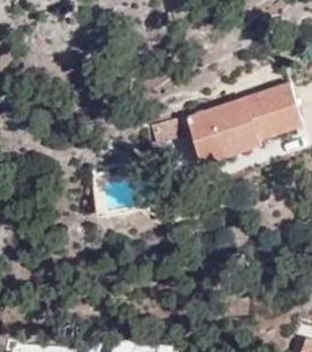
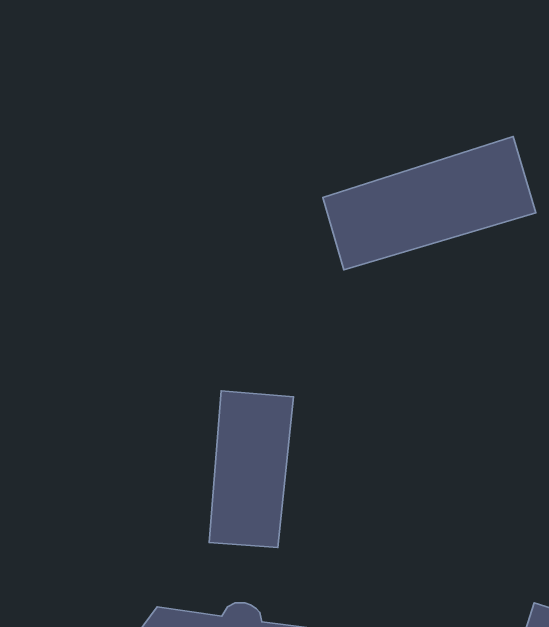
building: none -> [209,391,294,548]

